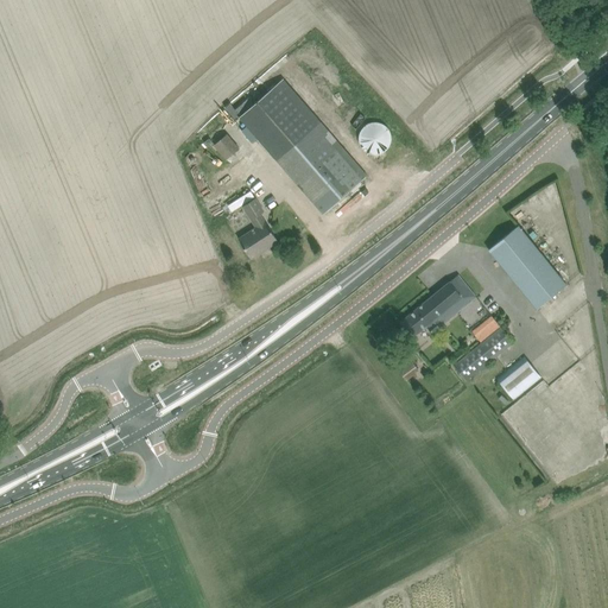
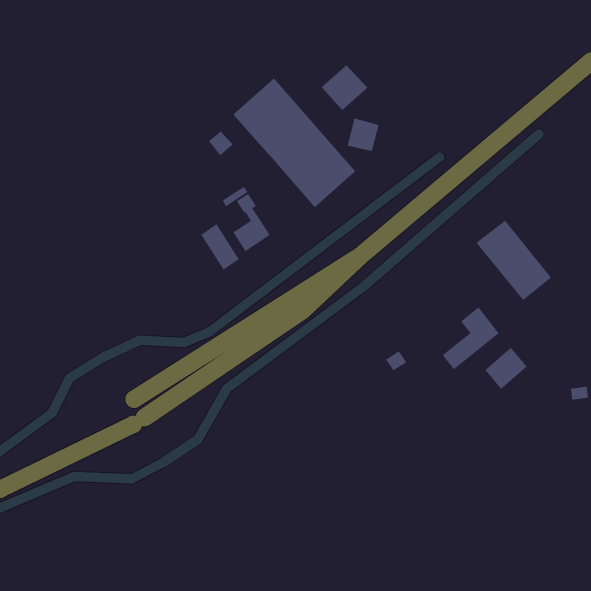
building: none -> [321,64,368,111]
building: none -> [200,223,239,271]
building: [400,274,476,337] -> none

